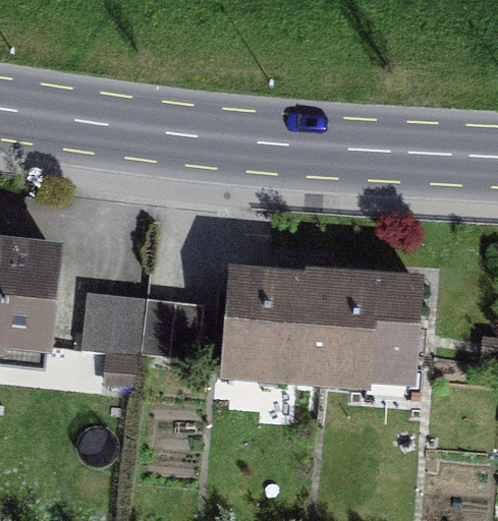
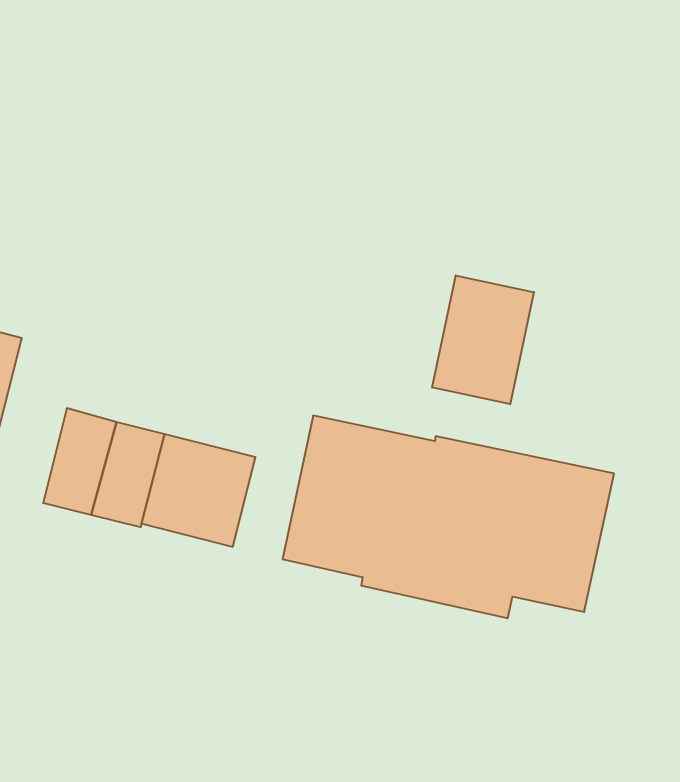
building: none -> [432,275,534,404]

